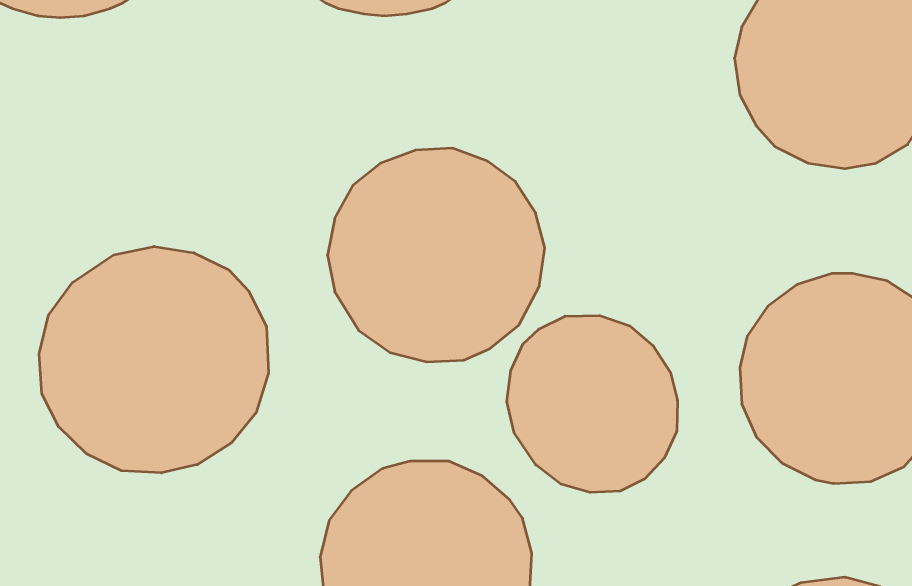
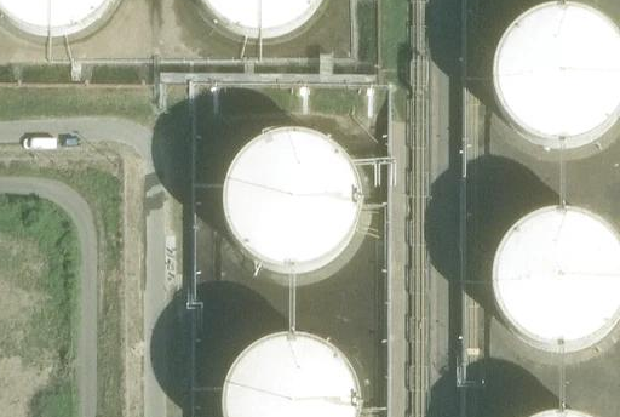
building: [39,246,269,473] -> none
building: [507,316,677,492] -> none

